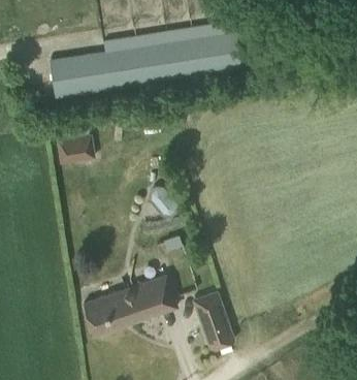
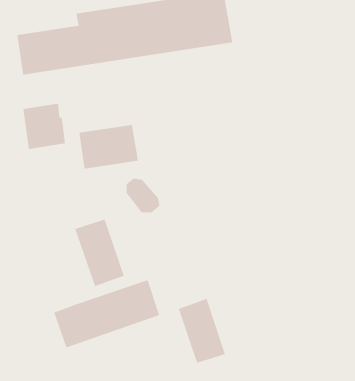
building: none -> [79,124,139,170]
building: none -> [74,218,125,287]

